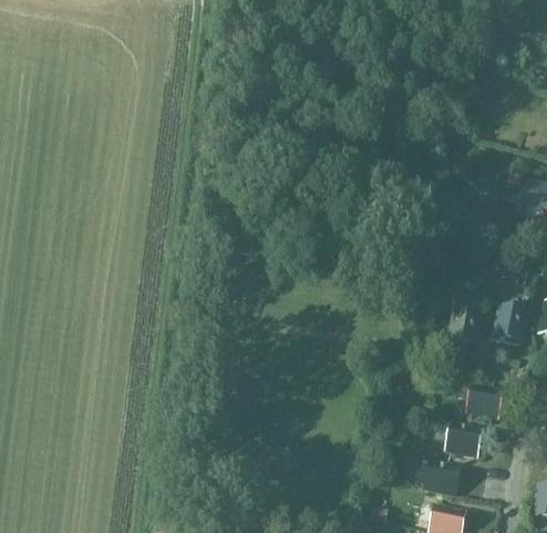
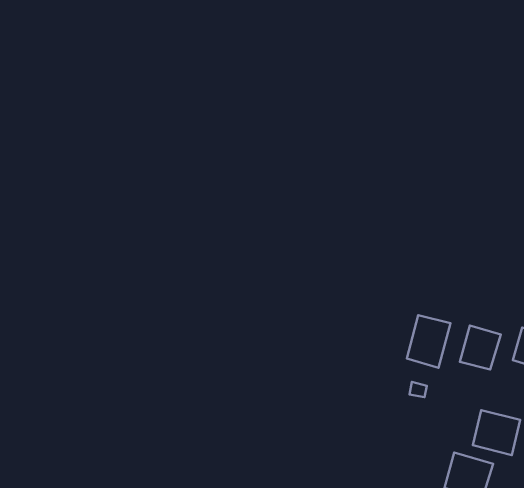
building: none -> [407,315,450,368]

